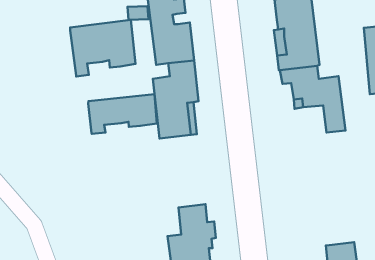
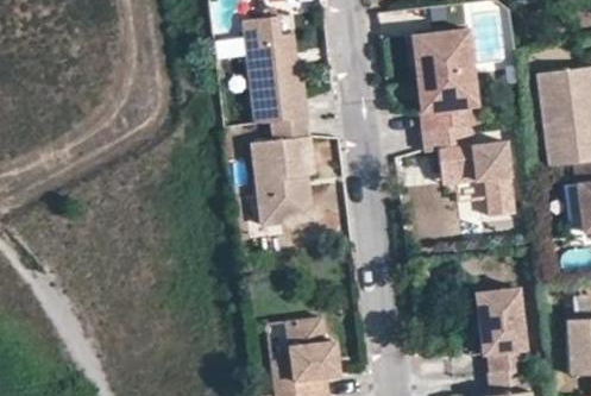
building: [70,20,136,77] -> none
building: [88,94,157,134] -> none
building: none -> [472,285,528,373]

